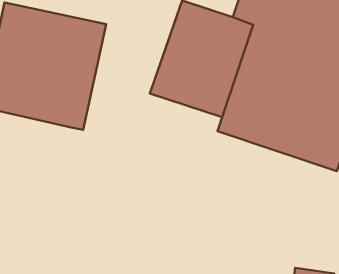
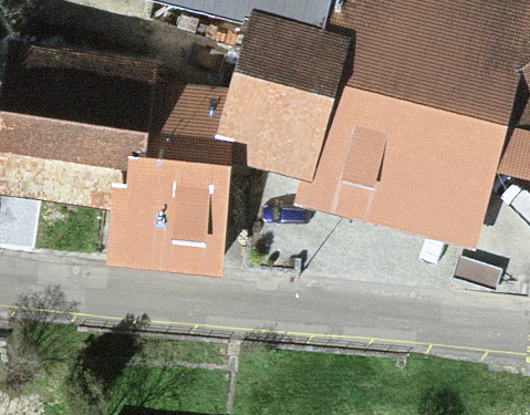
building: none -> [112,113,212,271]

